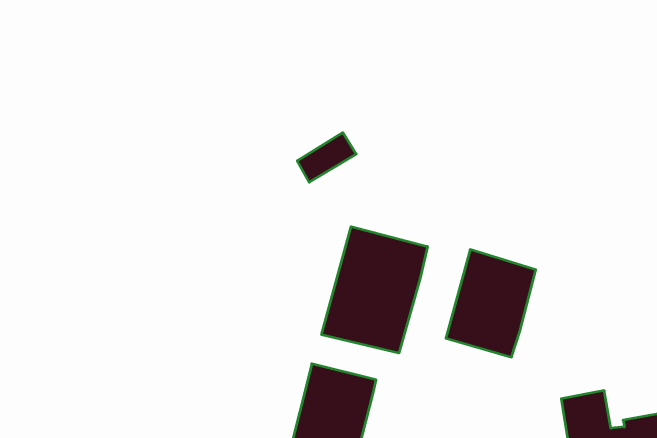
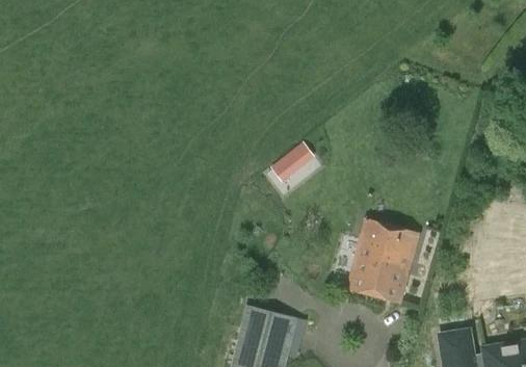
building: [297,133,356,182] -> [270,141,316,180]
building: [322,227,427,353] -> none

